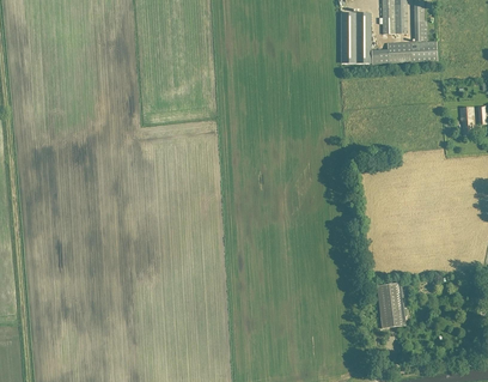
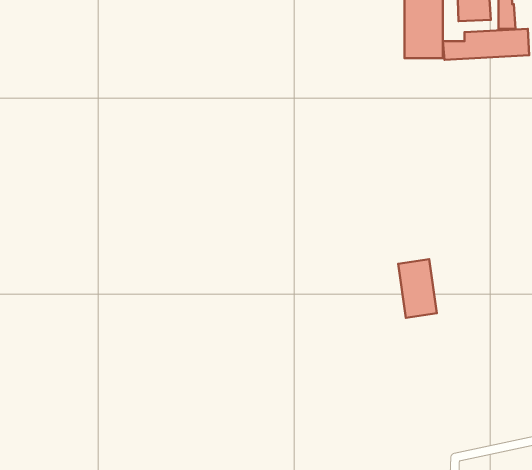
building: [378,284,408,329] -> [398,259,437,318]

